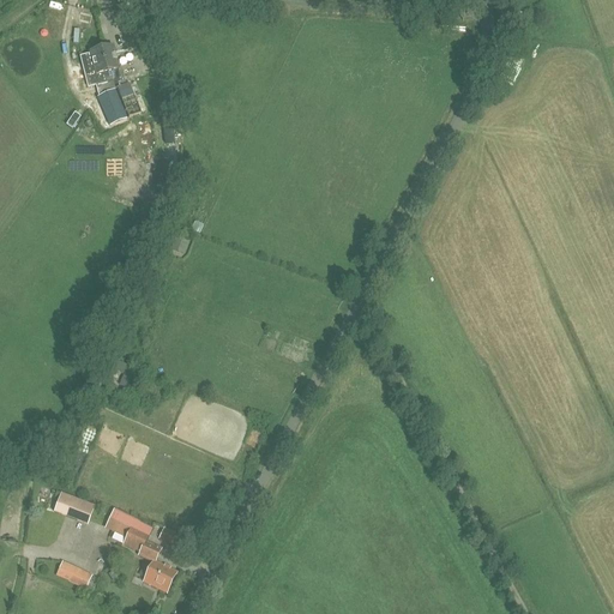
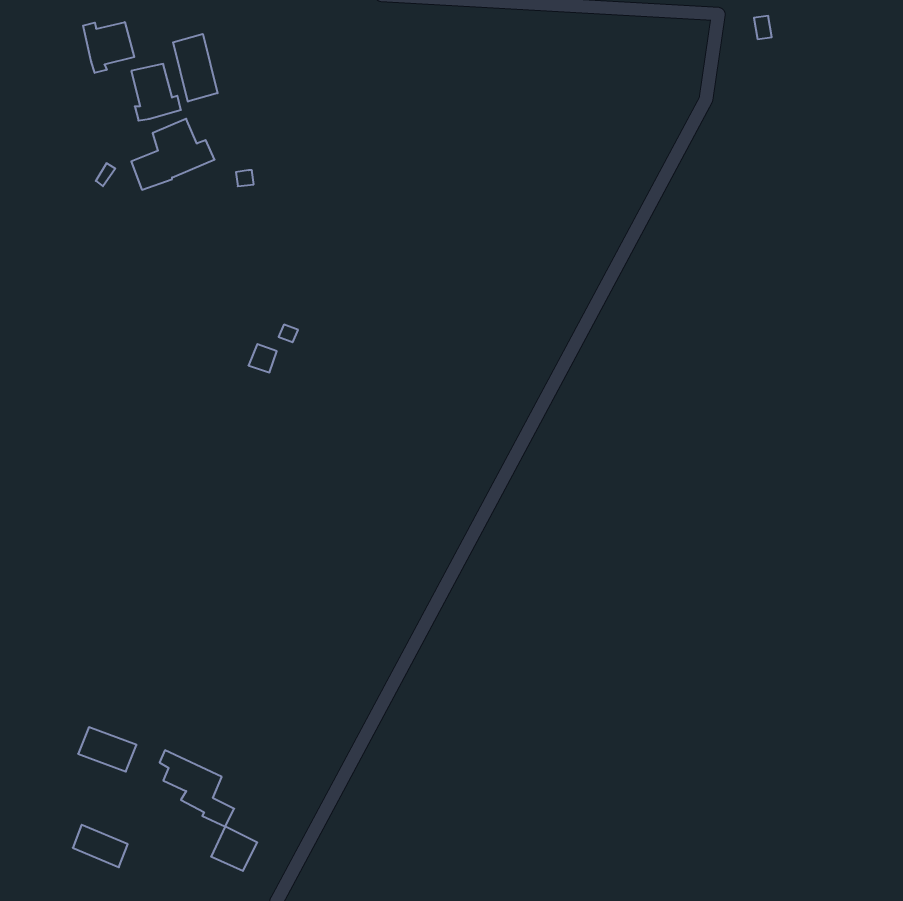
building: none -> [83,22,134,73]
building: none -> [173,34,218,102]

